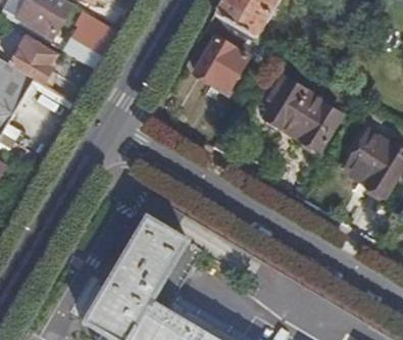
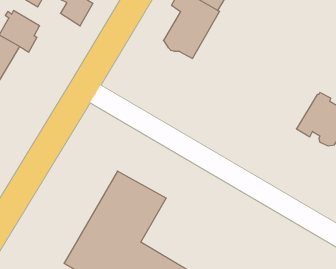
building: [264,77,340,152] -> none

